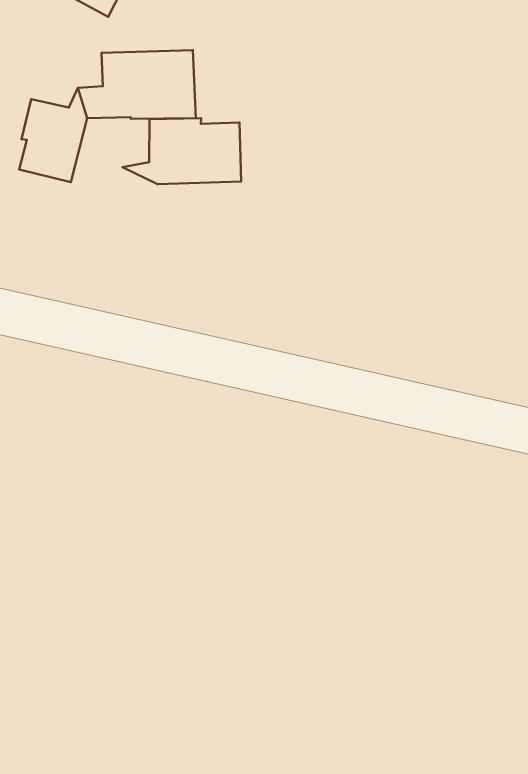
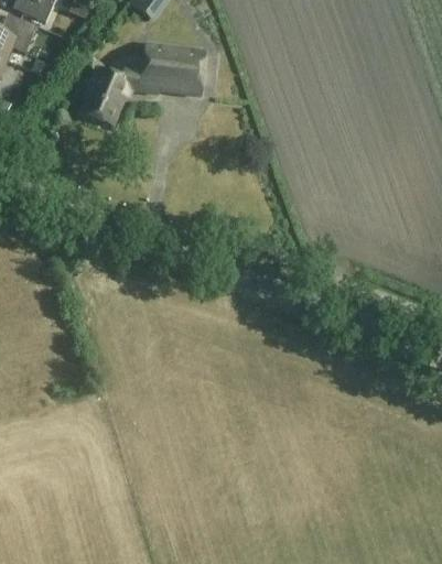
building: [122,118,241,184] -> none

